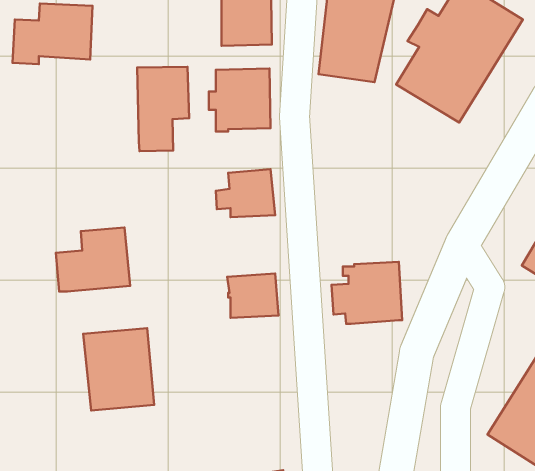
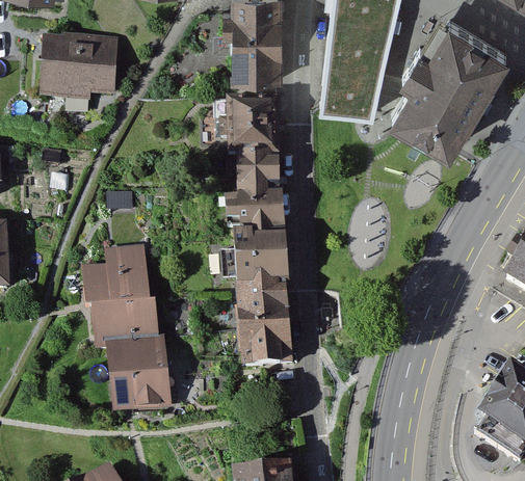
building: [137,67,189,151] -> none
building: none -> [235,155,278,195]
building: [331,262,402,324] -> [220,234,285,290]
building: none -> [93,298,158,342]
building: none -> [241,325,289,367]

